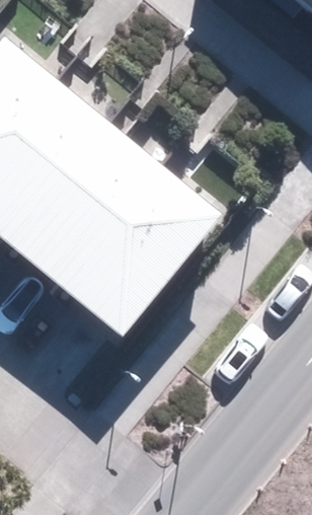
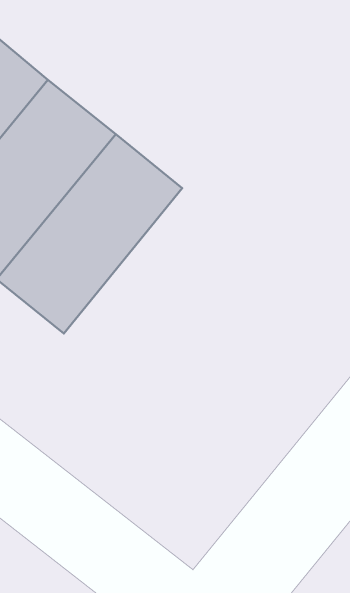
building: [58,163,211,327] -> none

